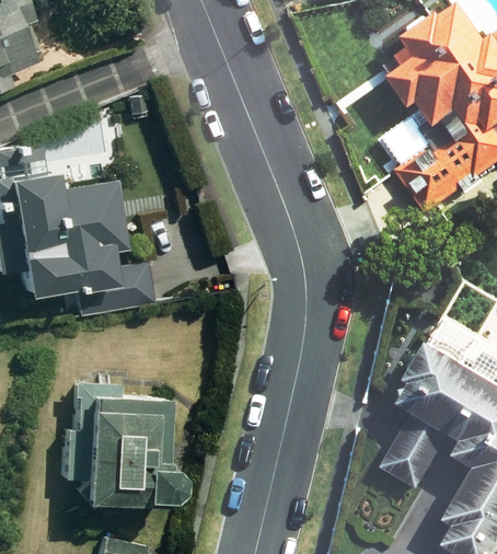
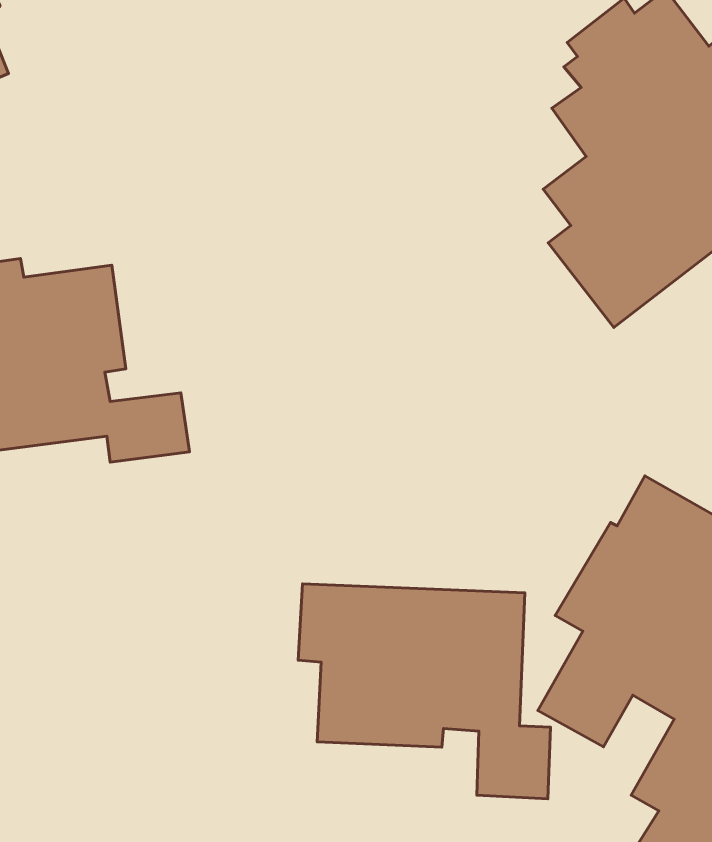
building: [63,376,180,505] -> none
building: none -> [298,584,551,799]

